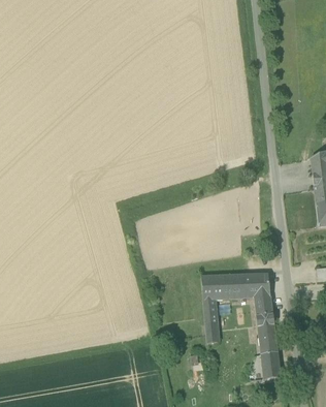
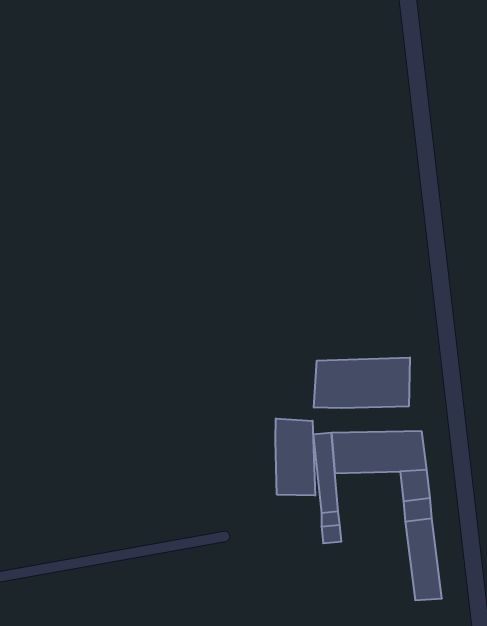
building: none -> [314,357,410,408]
building: none -> [276,418,315,496]

